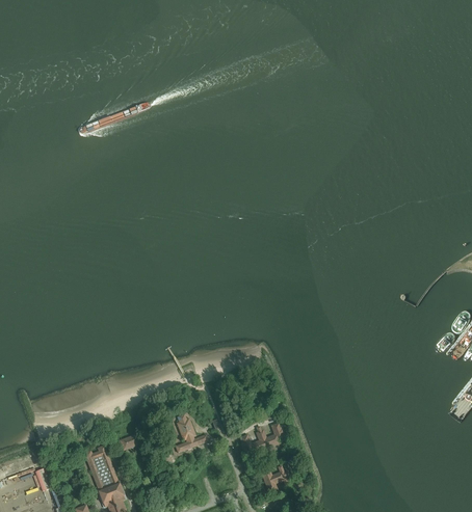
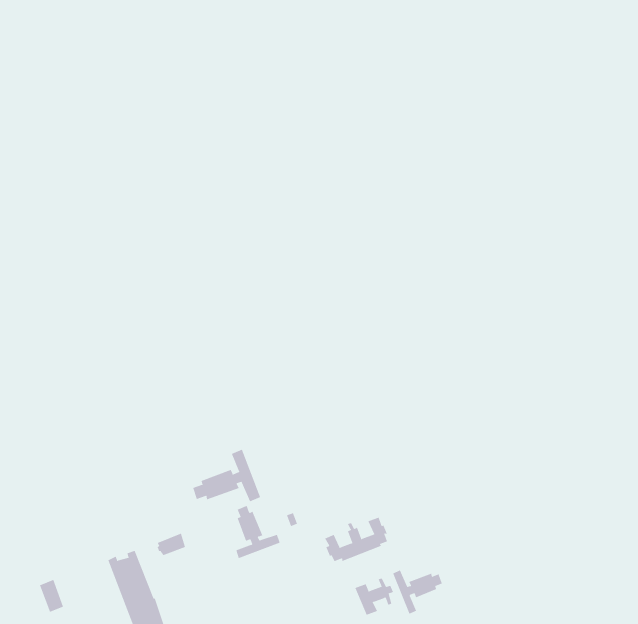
building: none -> [192,449,261,502]
building: none -> [392,570,443,615]

